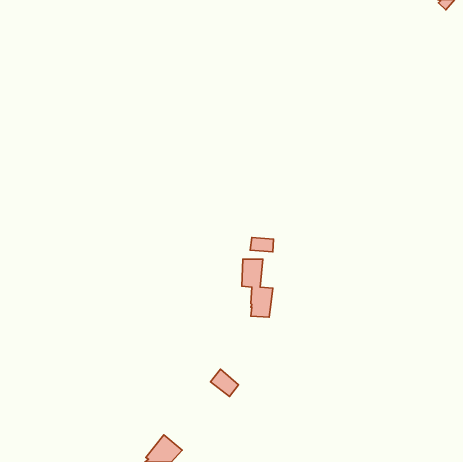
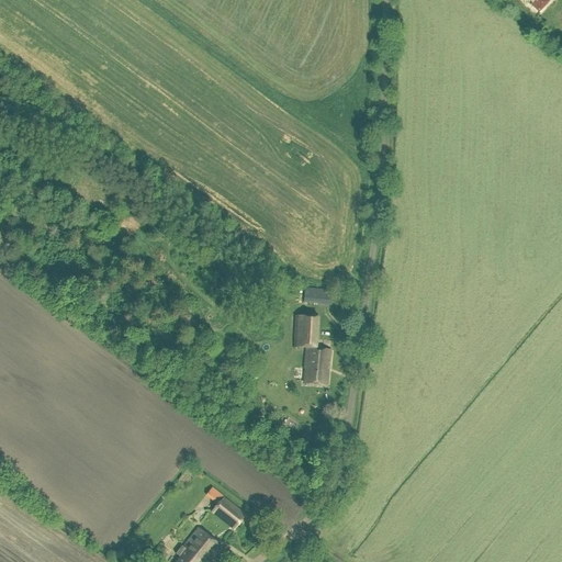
building: [210,369,239,396] -> [211,496,245,529]

